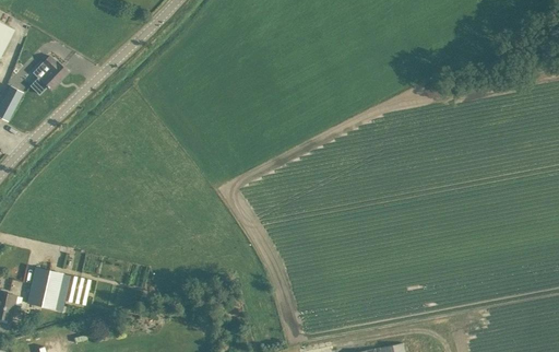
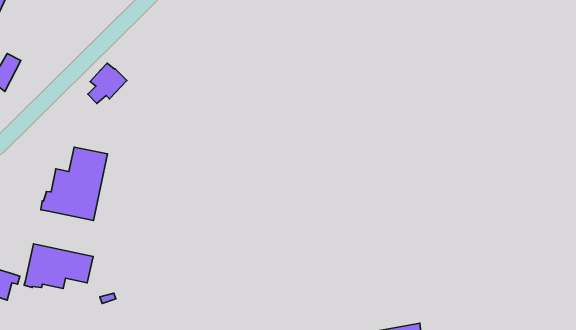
building: [28,56,66,94] -> [88,63,127,103]
building: none -> [41,147,107,221]

